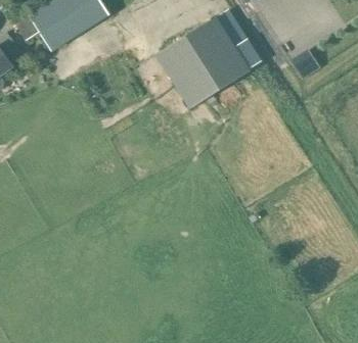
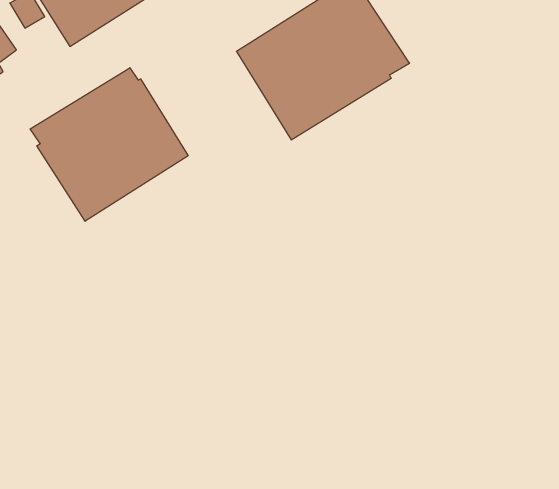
building: none -> [30,68,188,221]

